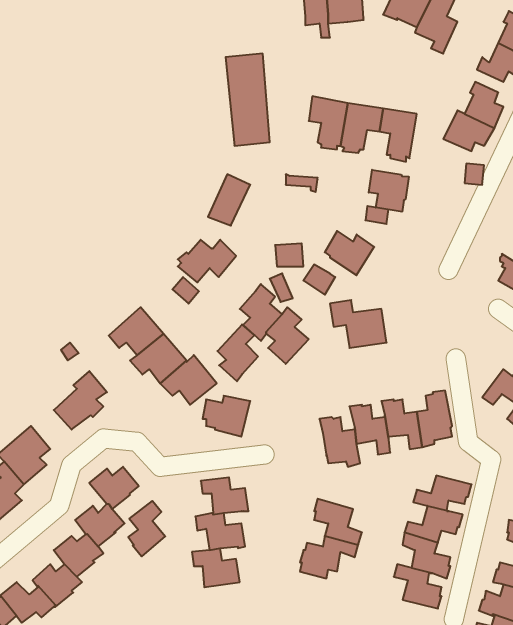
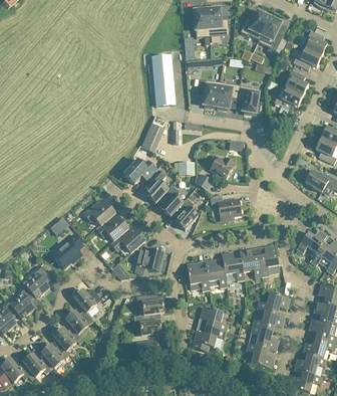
building: [369,170,409,212] -> none
building: [217,324,258,381] -> [144,170,167,202]
building: none -> [187,262,210,290]
building: [128,501,165,556] -> none

